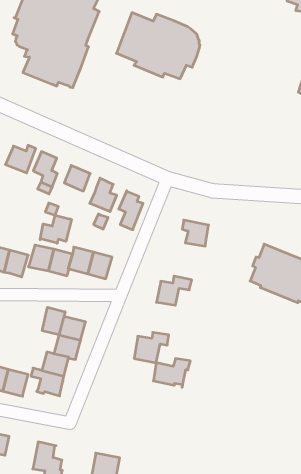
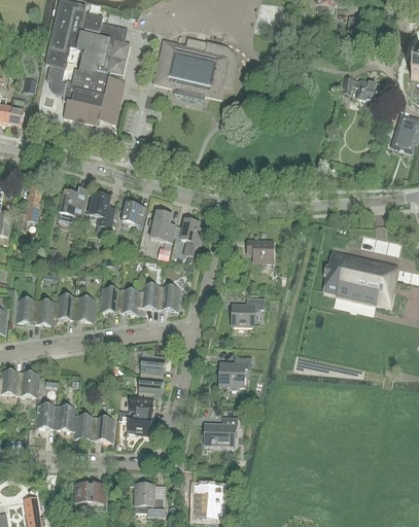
building: [40,215,72,243] -> none
building: [42,307,65,335] -> none
building: [153,359,190,387] -> [204,416,238,444]

